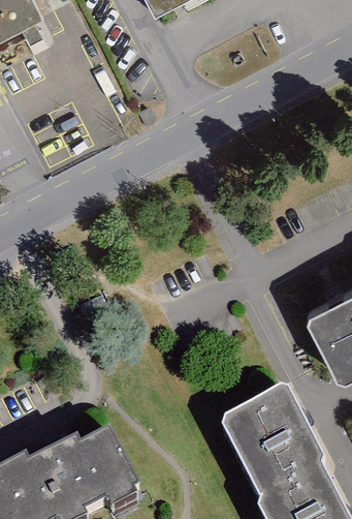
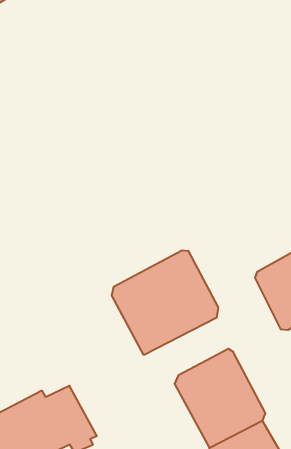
building: none -> [112,250,218,355]

